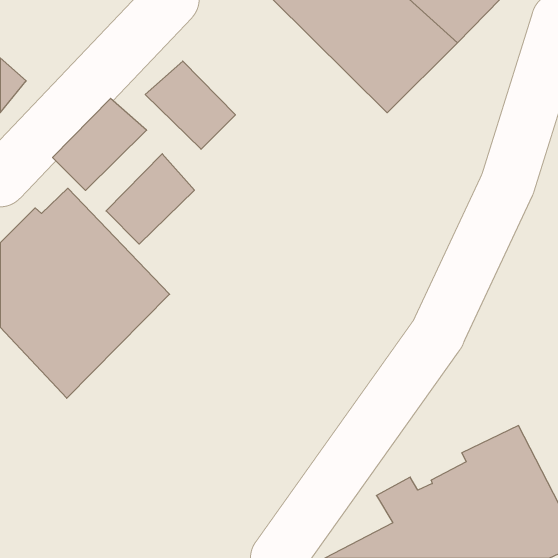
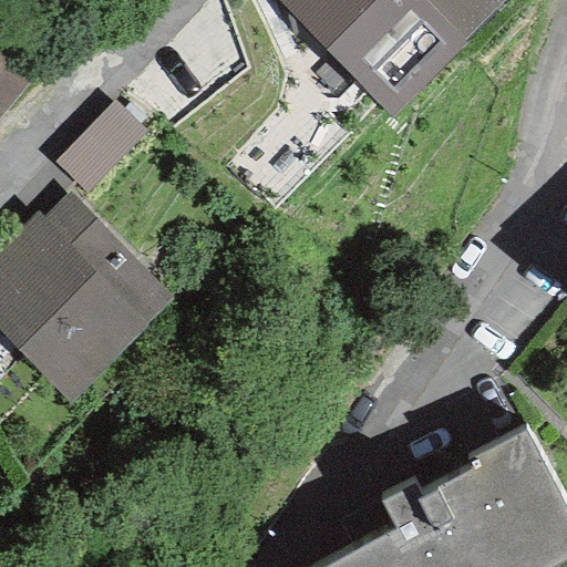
building: [145,61,235,149] -> none
building: [106,154,194,244] -> none

